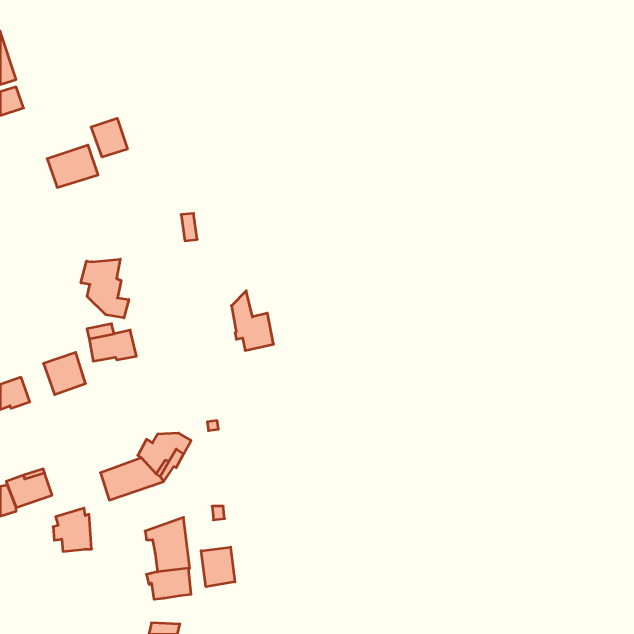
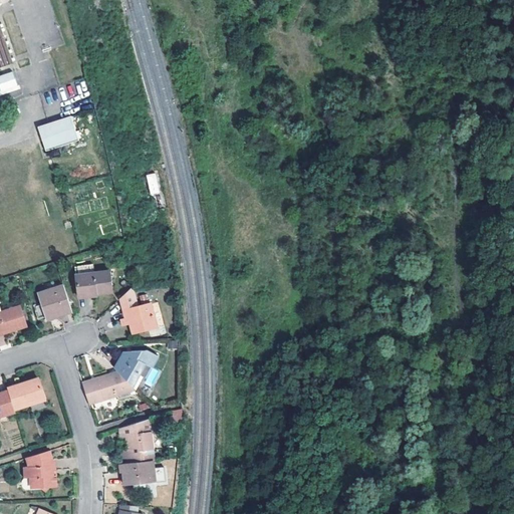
building: [91,118,127,157] -> none
building: [81,259,129,318] -> none
building: [231,291,274,350] -> [119,284,154,332]
building: [53,508,92,551] -> [24,454,55,489]
building: [201,547,235,587] -> none

